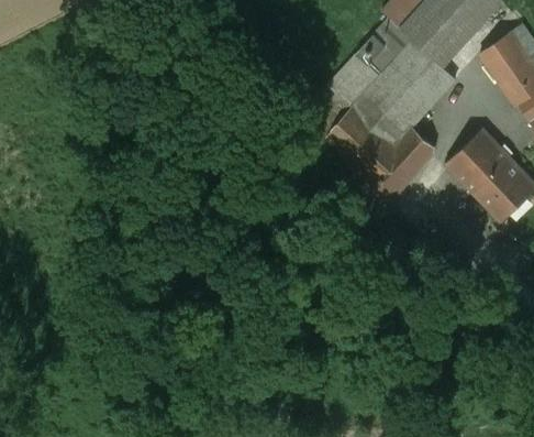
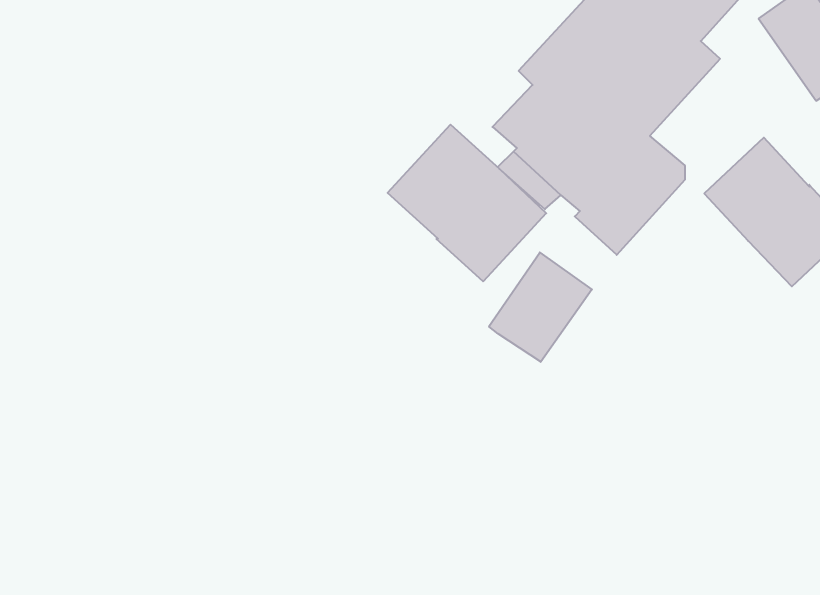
building: none -> [388,125,546,281]
building: none -> [489,252,592,362]

